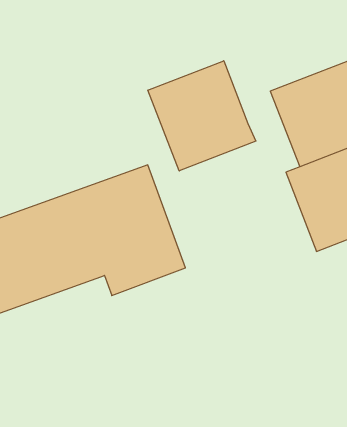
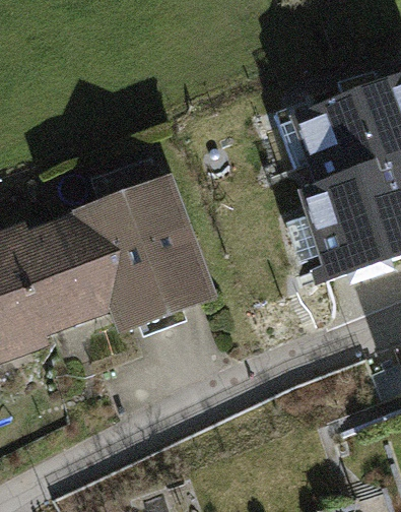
building: [148,61,256,171] -> none

